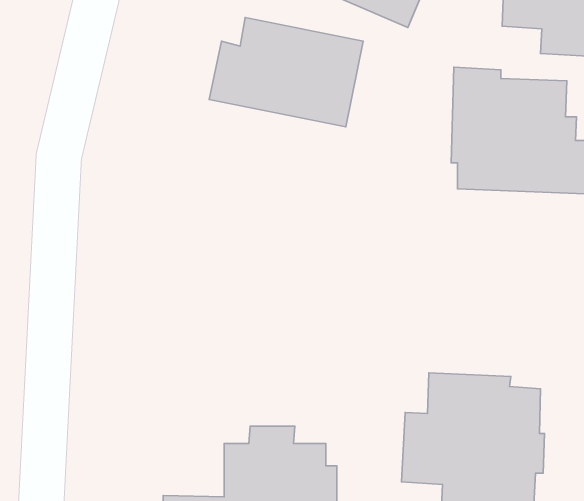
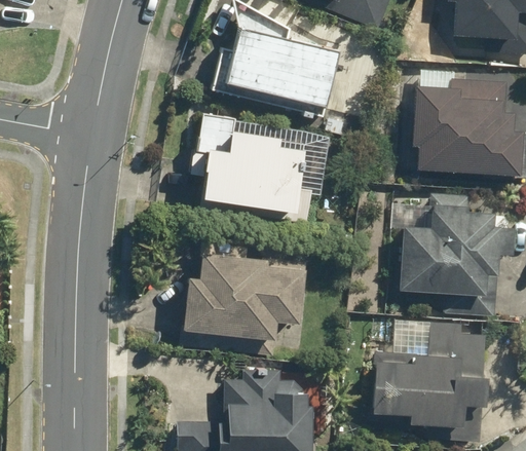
building: none -> [208,128,305,210]
building: none -> [398,194,514,294]
building: none -> [186,251,309,341]

